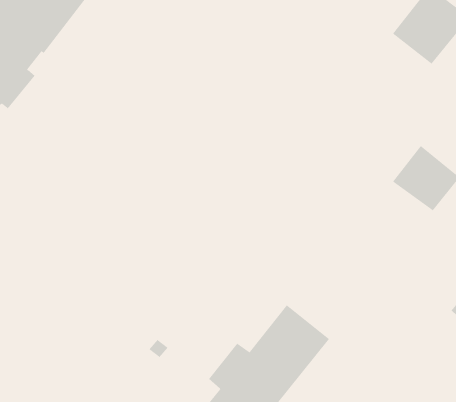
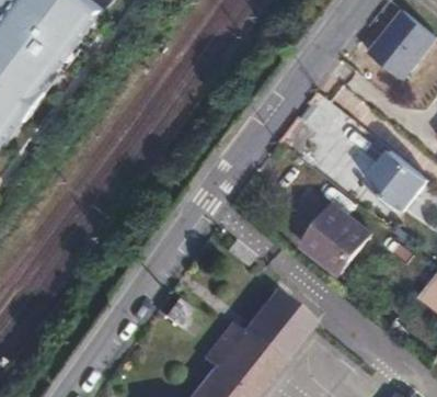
building: none -> [301,204,368,272]

